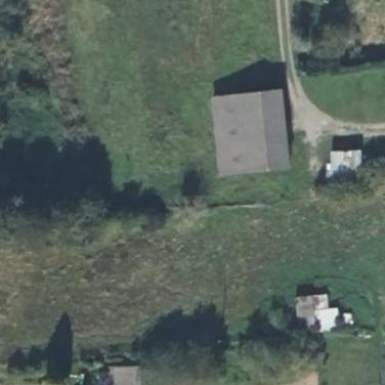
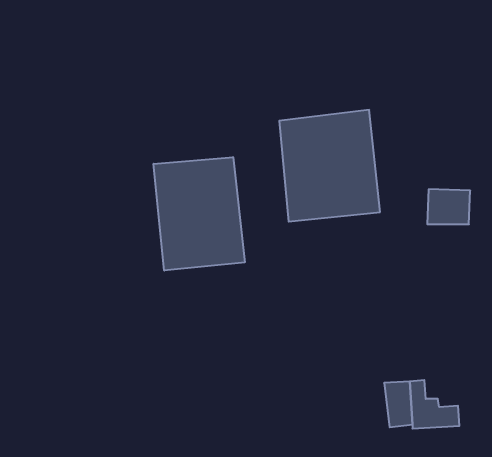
building: none -> [154,157,245,271]

